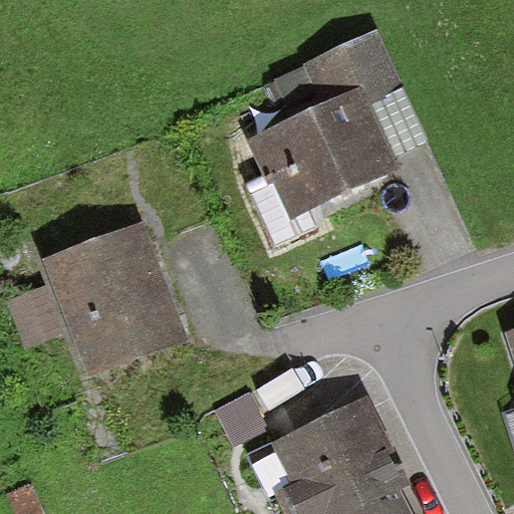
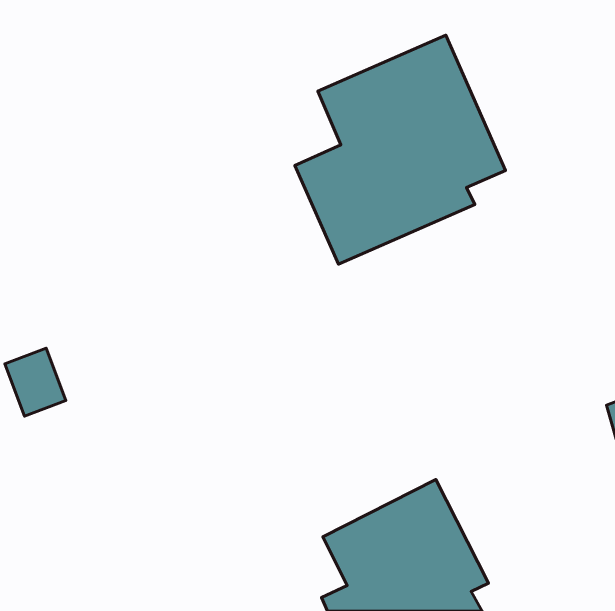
building: [43,222,187,377] -> none

